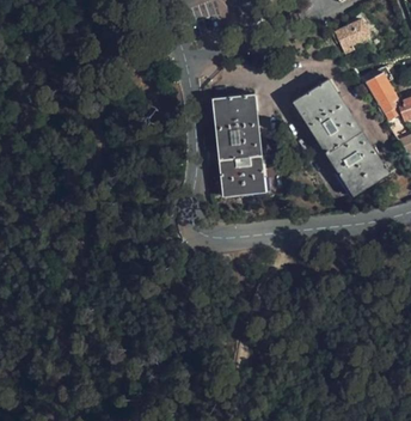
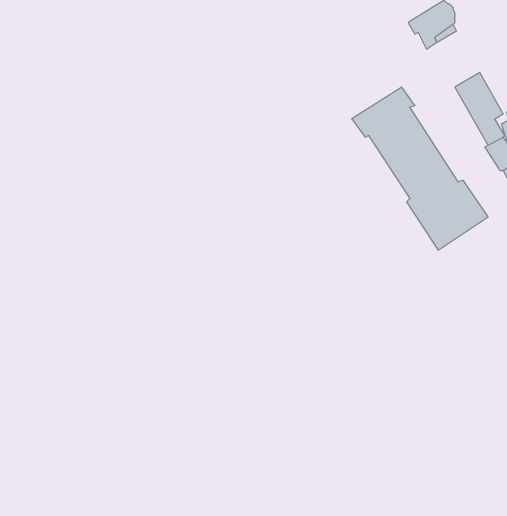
building: [213,94,264,195] -> none

